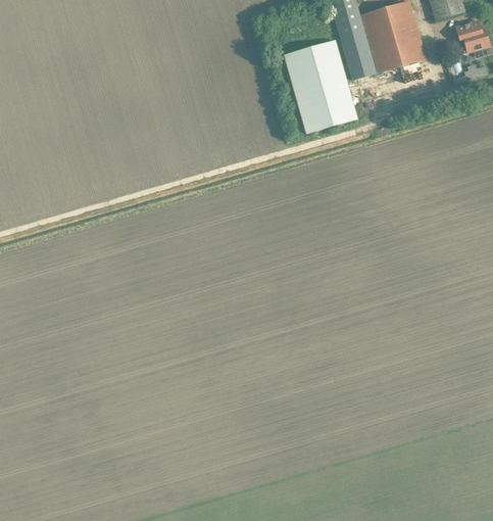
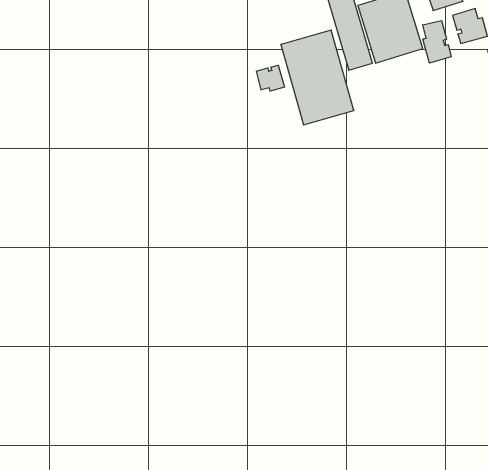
building: none -> [423,21,451,63]
building: none -> [256,65,285,91]

